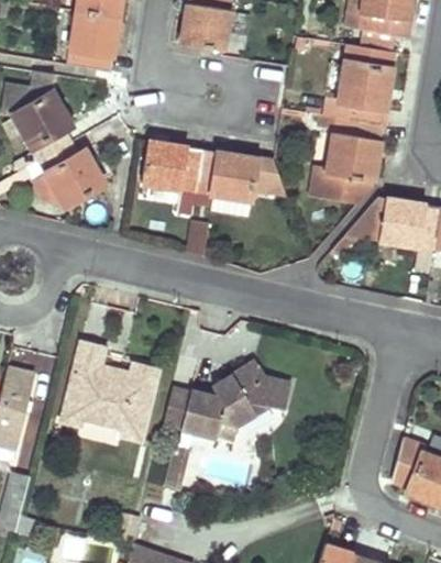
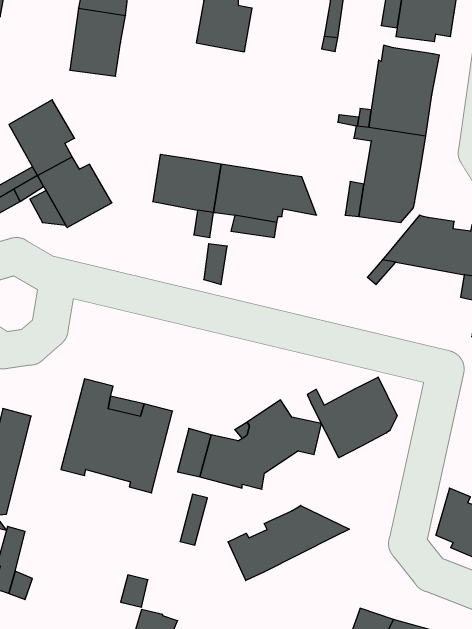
building: none -> [307,377,397,458]
building: none -> [228,505,349,581]

